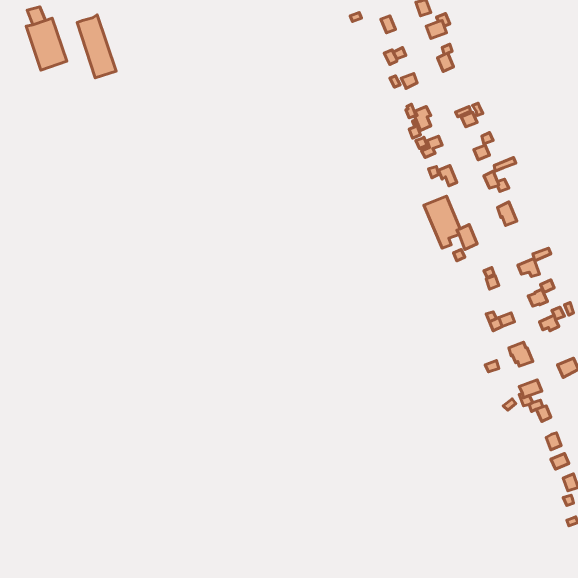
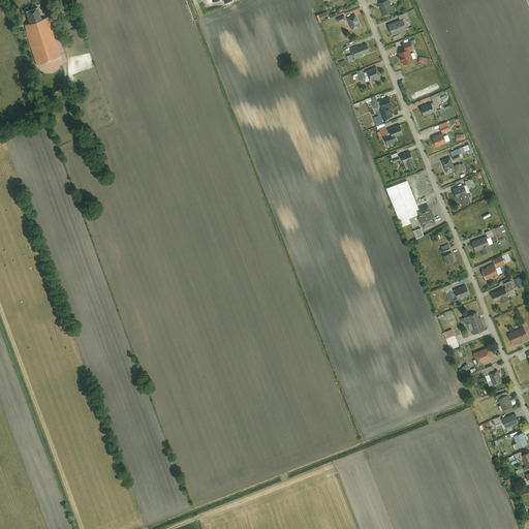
building: [77,15,116,78] -> none

